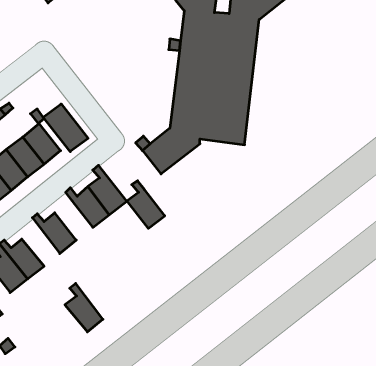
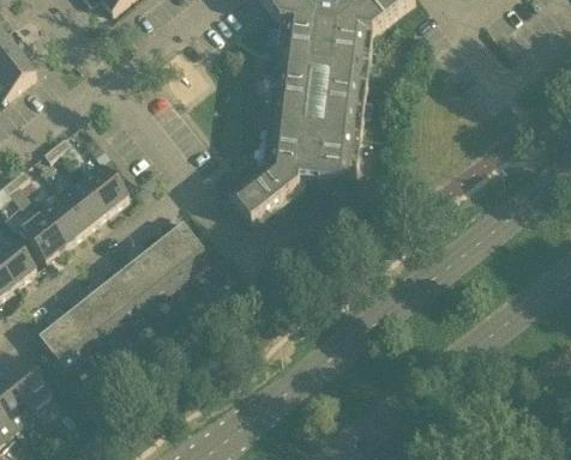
building: [43,104,88,152] -> none
building: [127,181,165,228] -> [120,246,167,304]
building: [65,283,103,332] -> [79,277,126,337]

